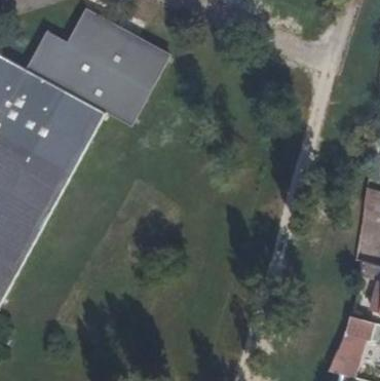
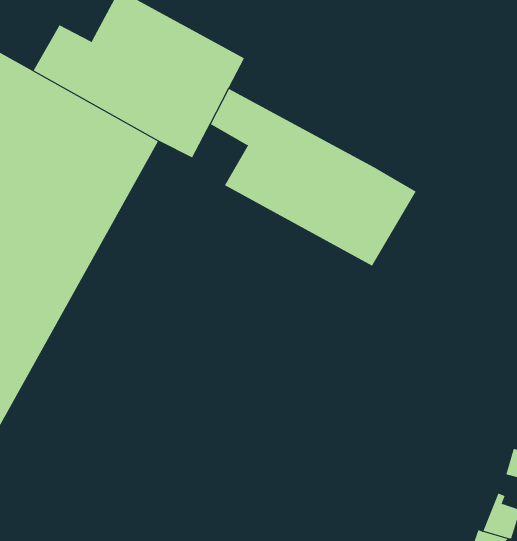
building: none -> [210,88,416,267]

